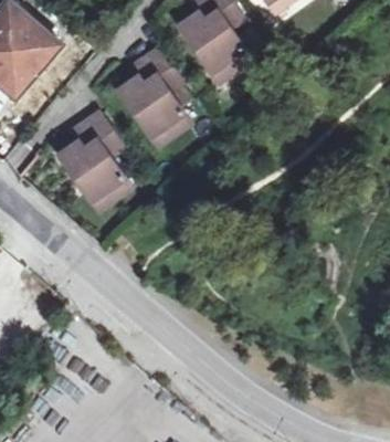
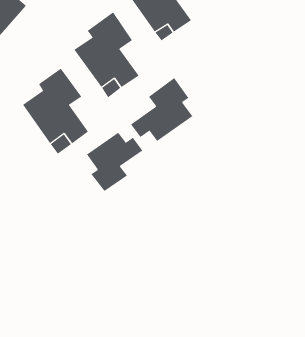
building: none -> [130,77,193,142]
building: none -> [86,132,143,192]

